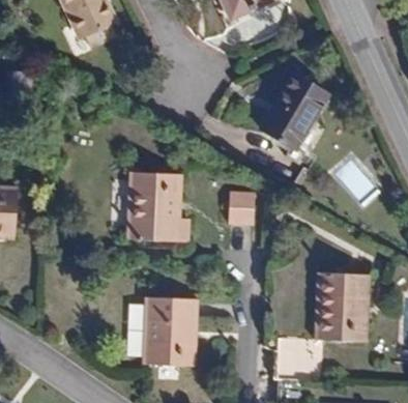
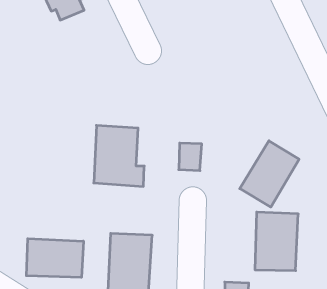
building: [259,73,328,150] -> [240,141,299,207]
building: none -> [26,239,83,277]

